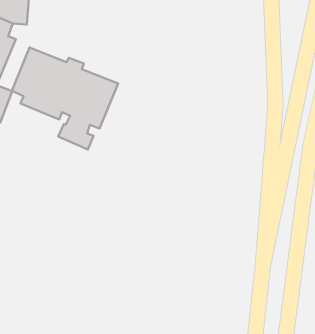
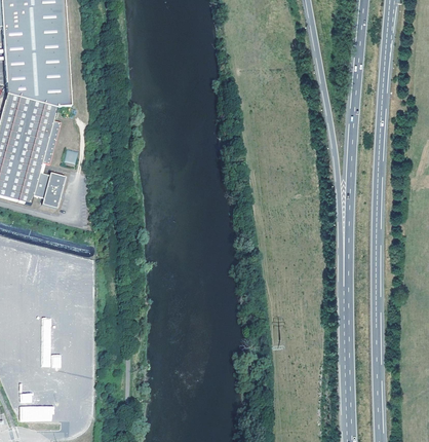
building: [12,47,118,149] -> none

